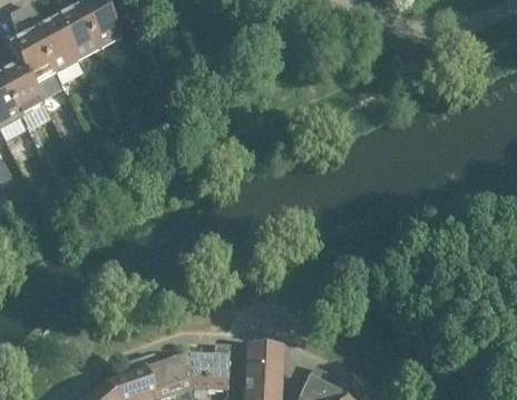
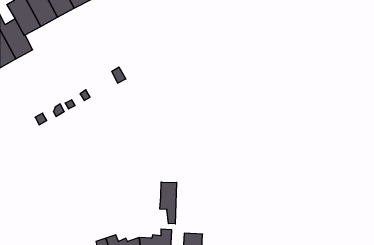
building: none -> [160,182,177,224]

